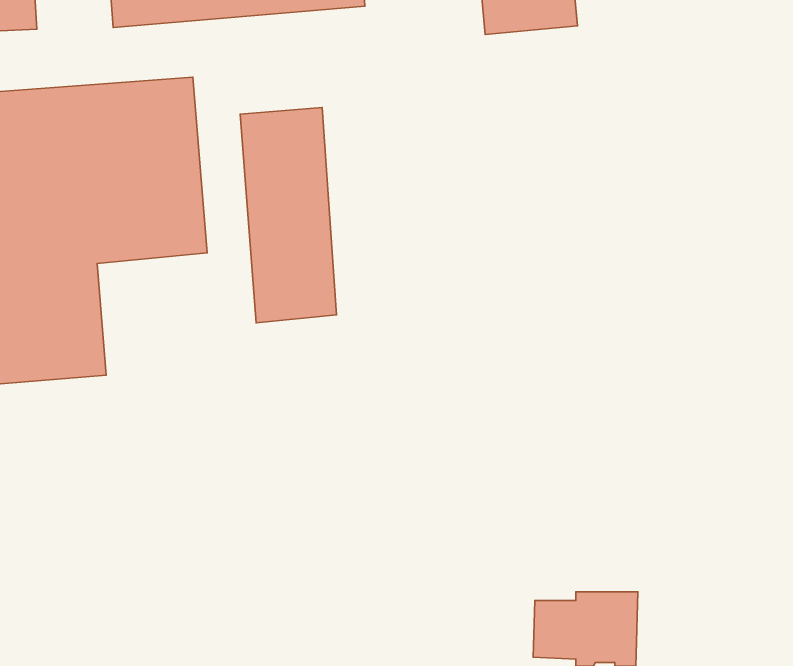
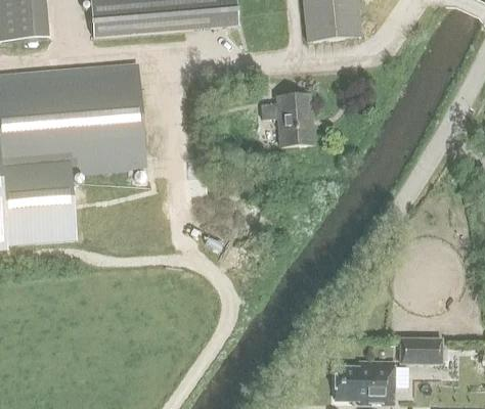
building: [240,108,336,323] -> none
building: none -> [260,93,312,145]
building: none -> [398,336,442,364]

